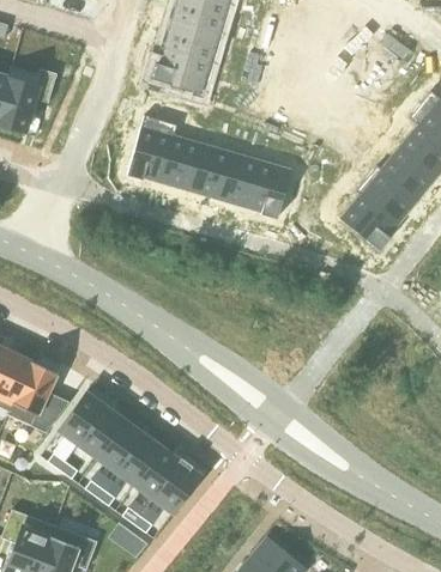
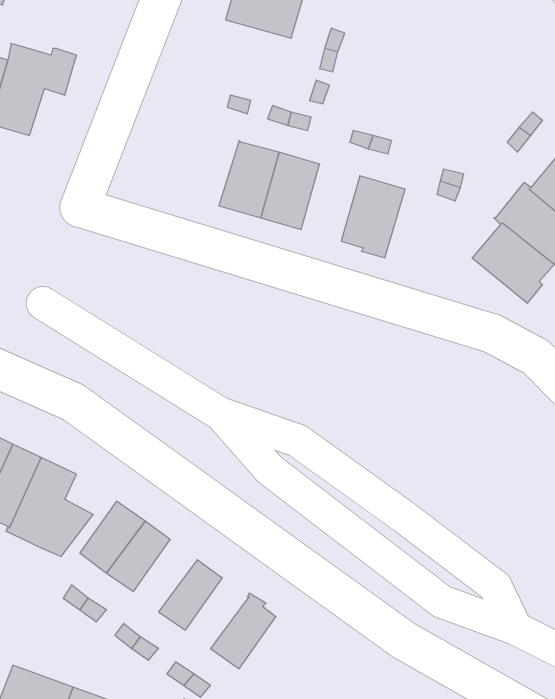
building: [152,49,211,93] -> none
building: [127,115,177,182] -> none
building: [218,152,260,207] -> none
building: [98,420,144,471] -> none
building: [135,448,181,498] -> none

